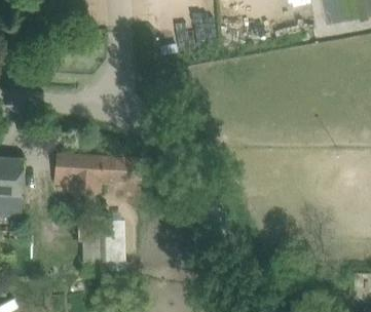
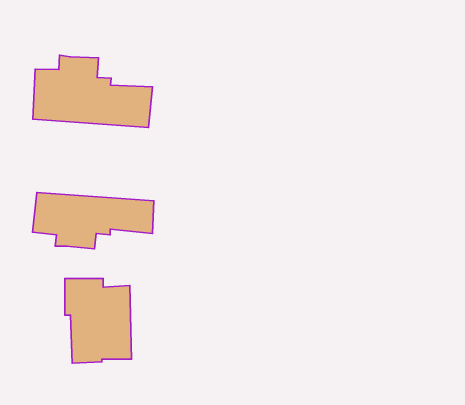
building: none -> [33,55,152,128]

